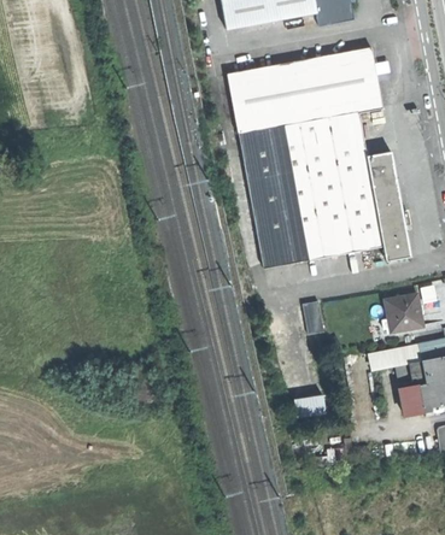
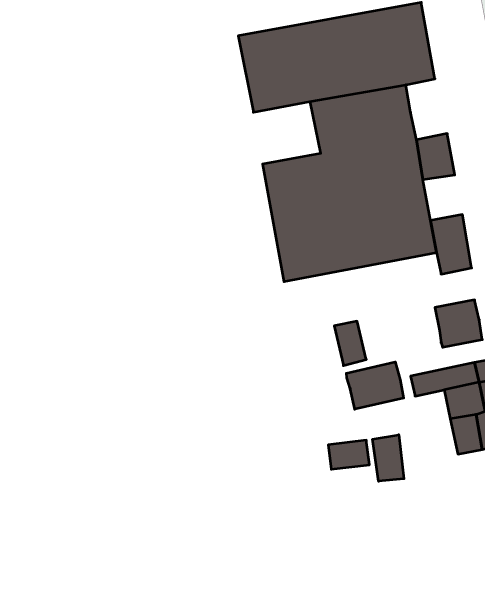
building: [239,125,292,175] -> none
building: [373,183,404,219] -> none
building: none -> [346,362,404,409]
building: none -> [373,435,404,481]

